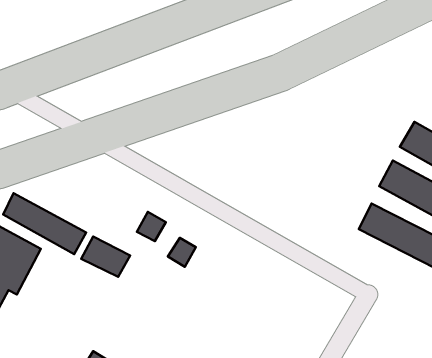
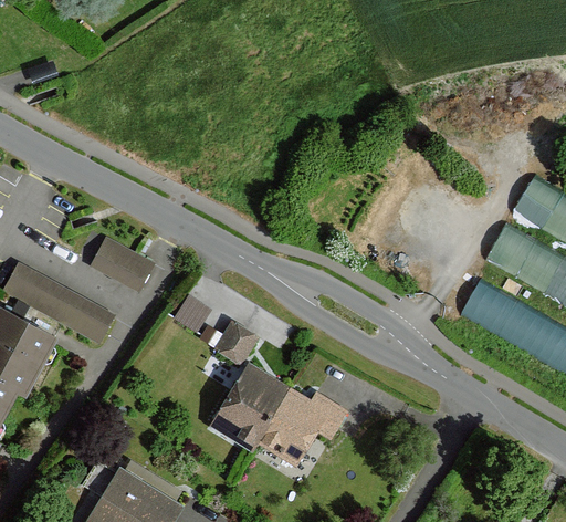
building: [81,236,130,277] -> [92,240,155,292]
building: none -> [213,365,344,462]

